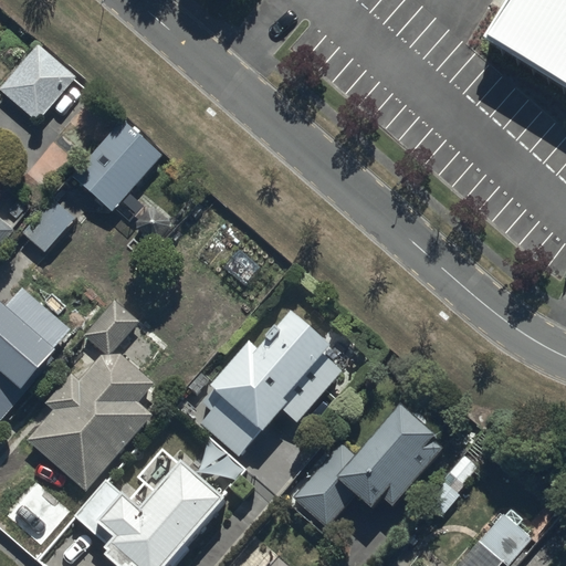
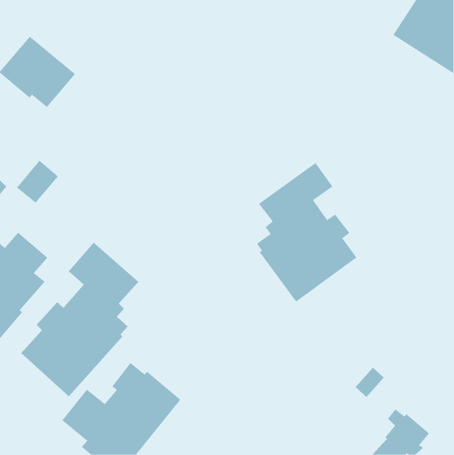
building: [70,114,164,211] -> none
building: none -> [256,162,357,303]
building: [188,311,342,457] -> none
building: [294,405,444,526] -> none

